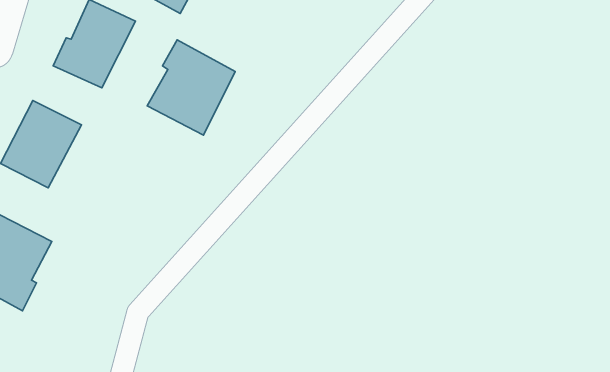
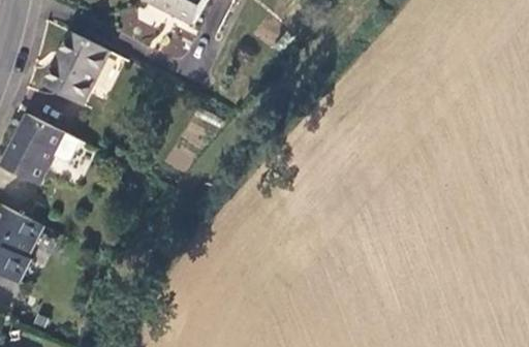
building: [147,40,235,135] -> none

